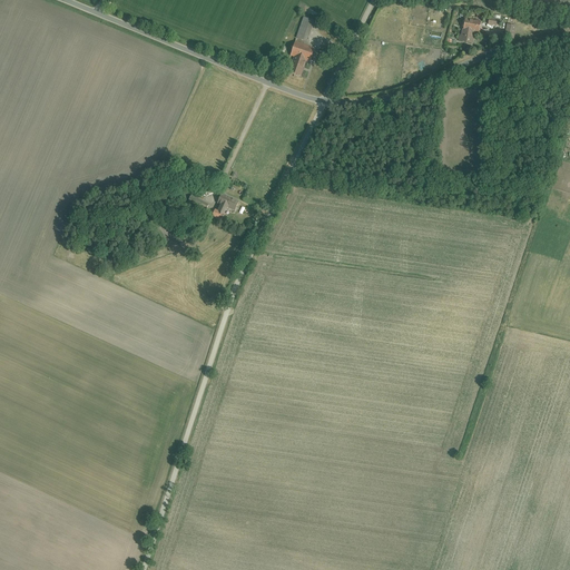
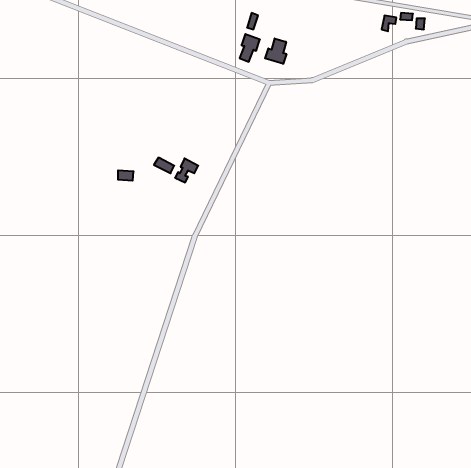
building: none -> [265,38,286,64]

